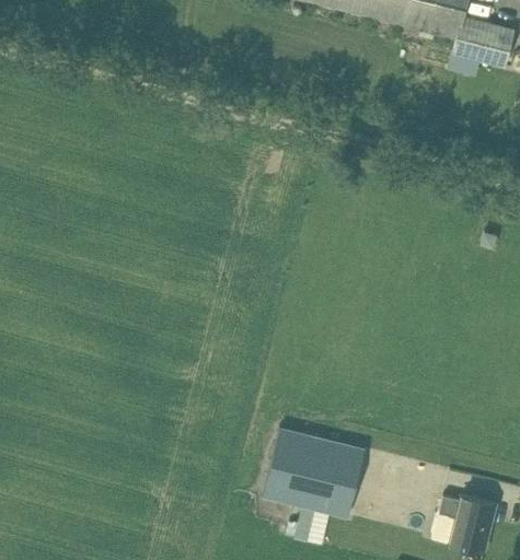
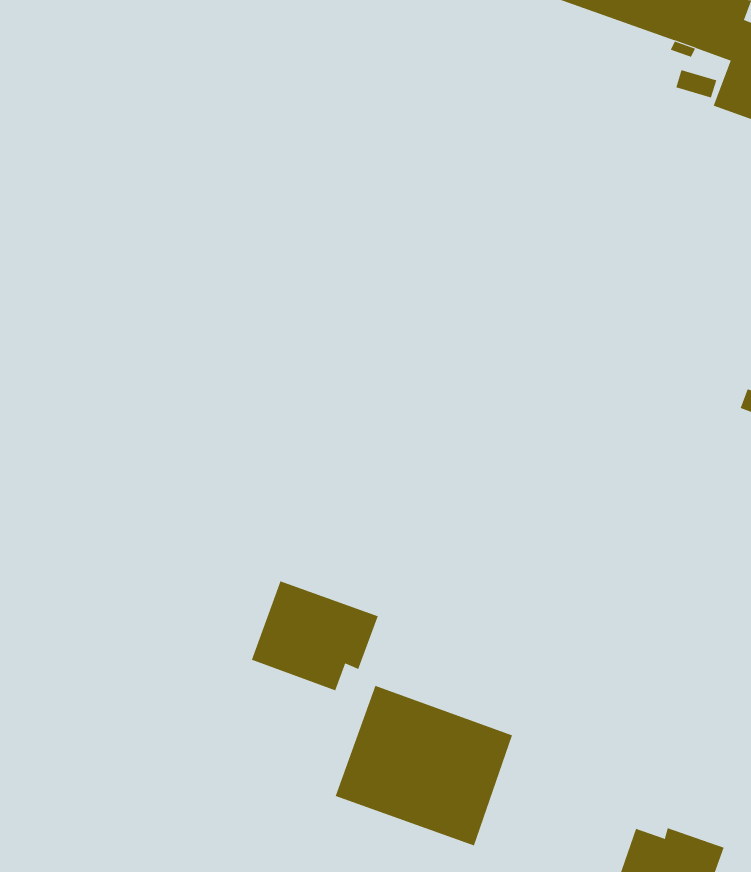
building: none -> [251,580,378,691]

